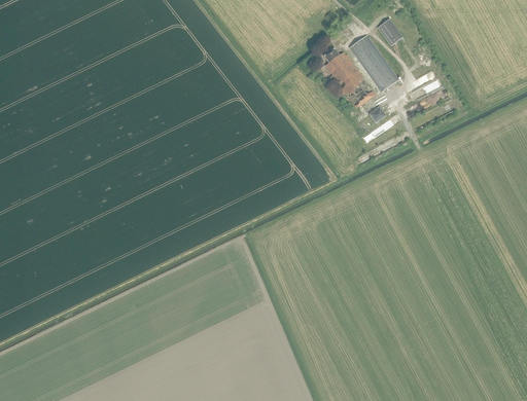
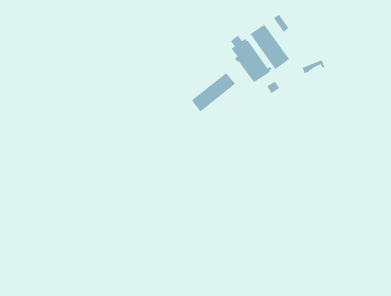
building: none -> [191,72,236,112]

